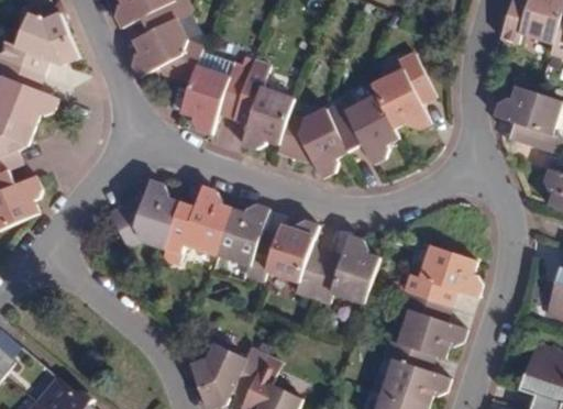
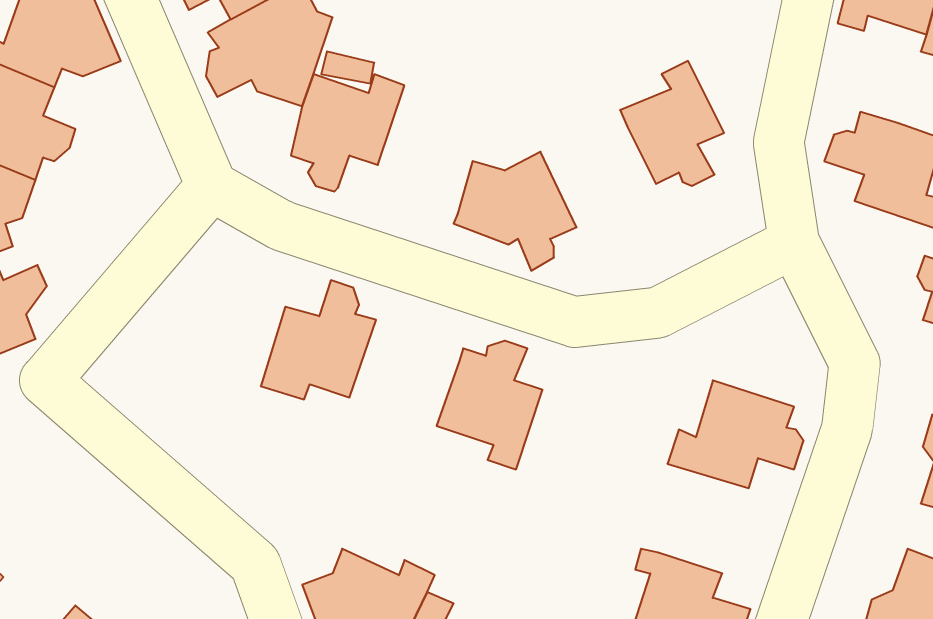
building: [233,73,294,150] -> none
building: [328,97,399,168] -> none
building: [110,183,179,247] -> none
building: [217,203,280,280] -> none
building: [313,236,382,302] -> none
building: [396,292,465,360] -> none

